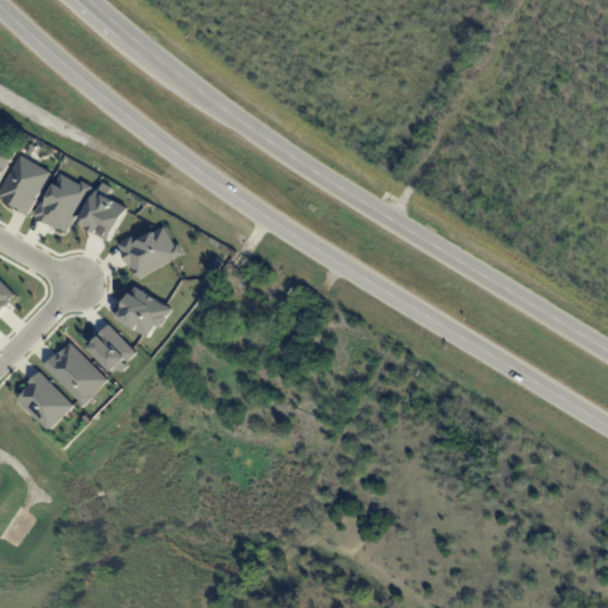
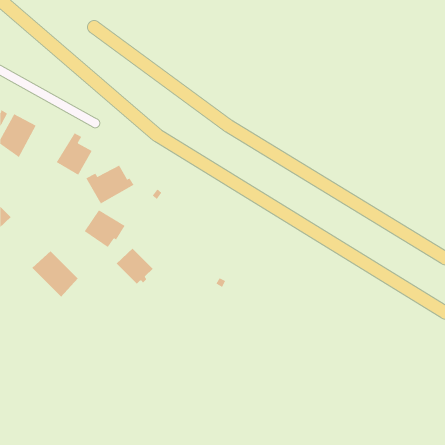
building: [32,171,91,232] -> none
building: [84,323,135,373] -> [116,248,153,284]
building: [15,370,74,431] -> none

